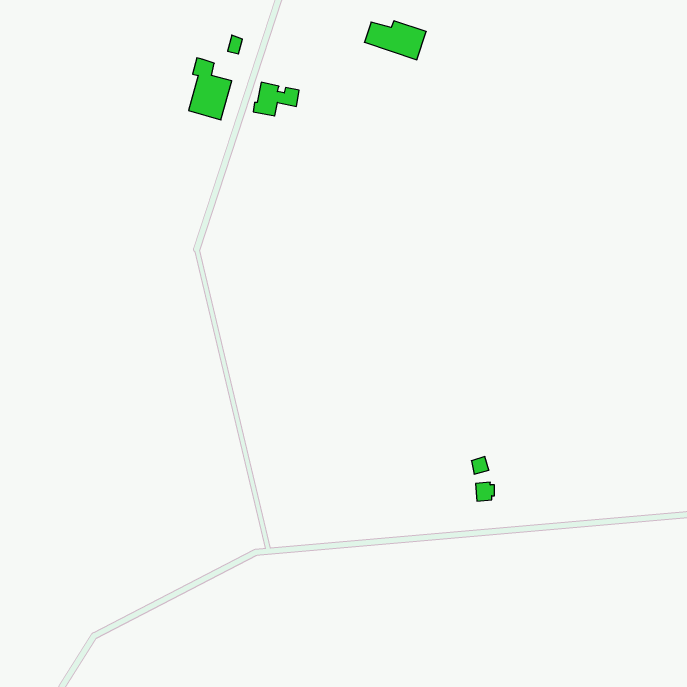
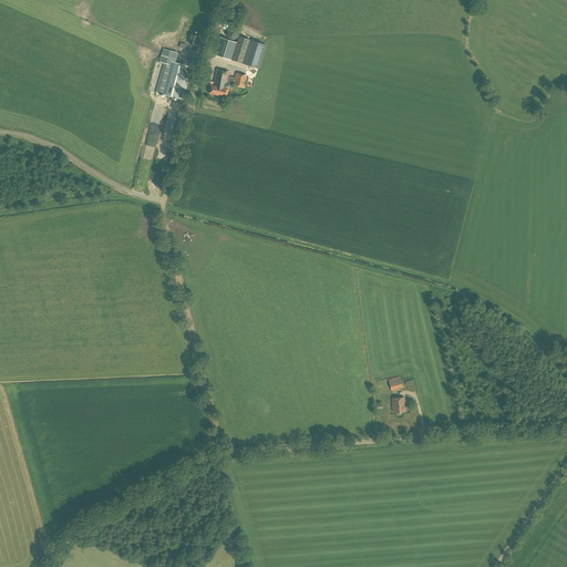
building: [364,21,426,60] -> [214,35,265,68]

